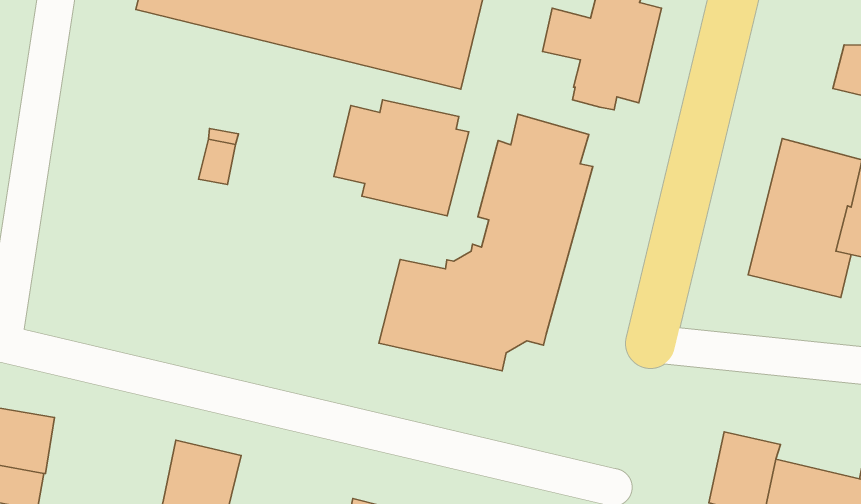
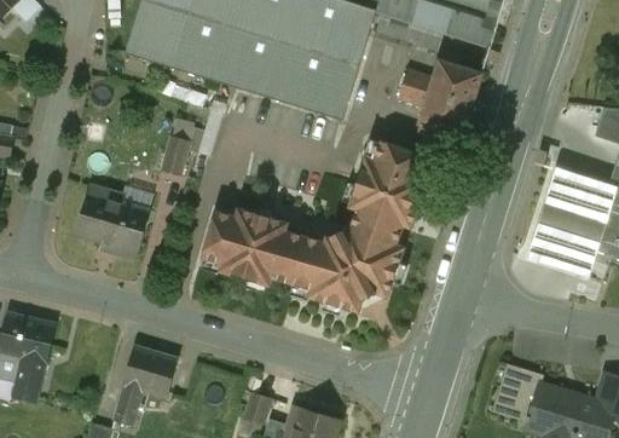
building: [334,100,469,216] -> [201,207,294,288]
building: none -> [75,184,150,258]

